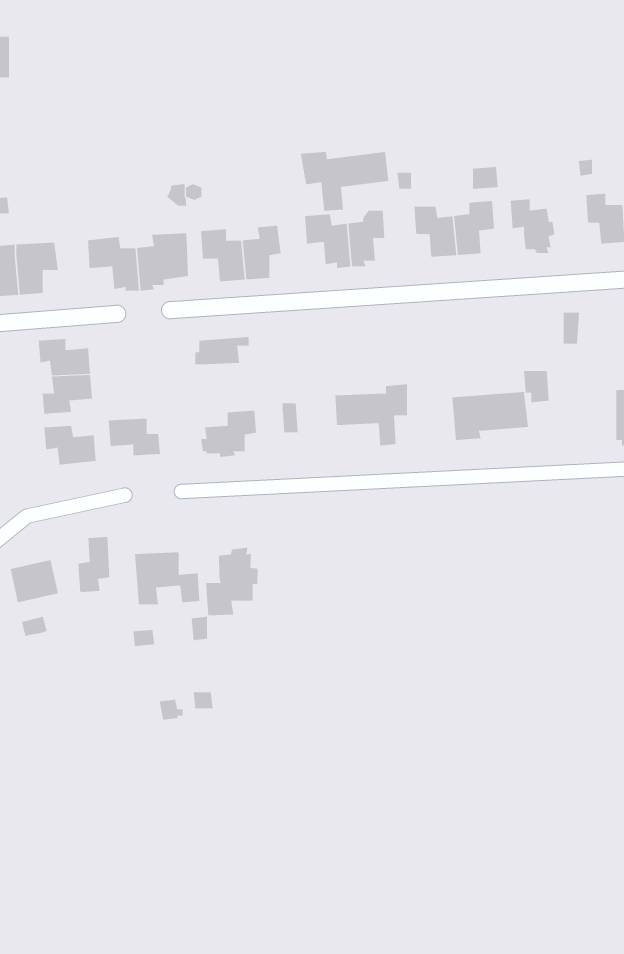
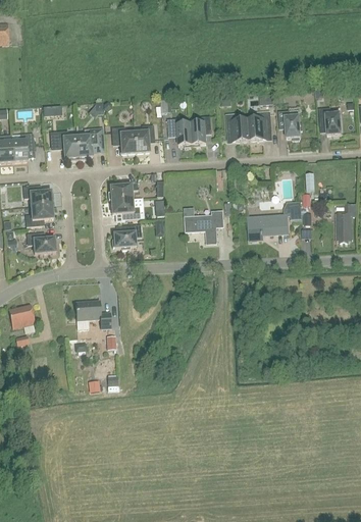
building: [300,151,389,212] -> none
building: [108,418,161,456] -> [111,199,140,219]
building: [78,536,110,593] -> none
building: [206,547,258,616] -> none

